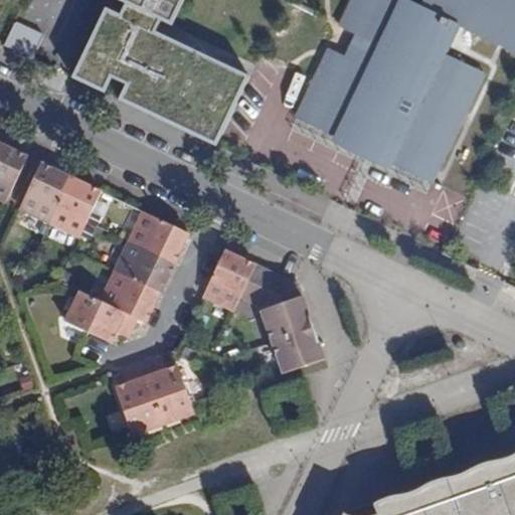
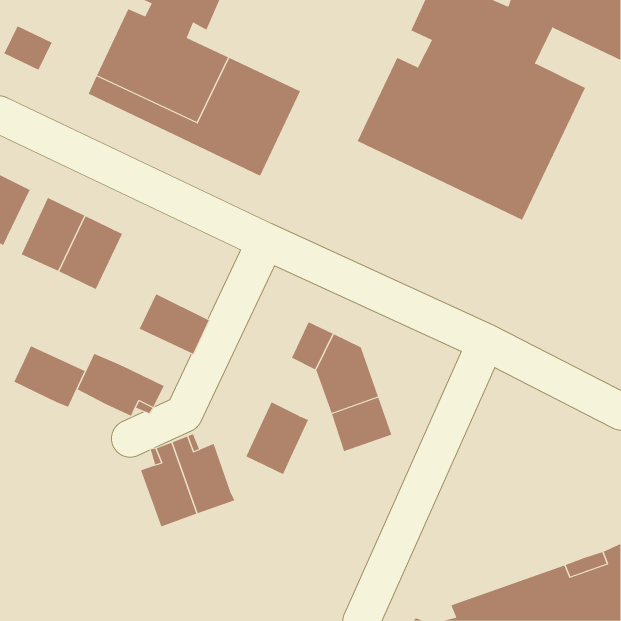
building: [129,212,188,265] -> none
building: [202,250,254,311] -> [246,402,309,475]
building: [101,272,160,323] -> [14,345,85,408]

